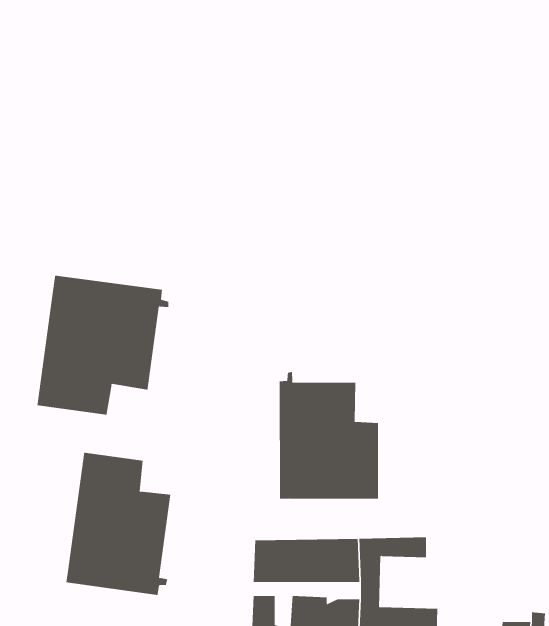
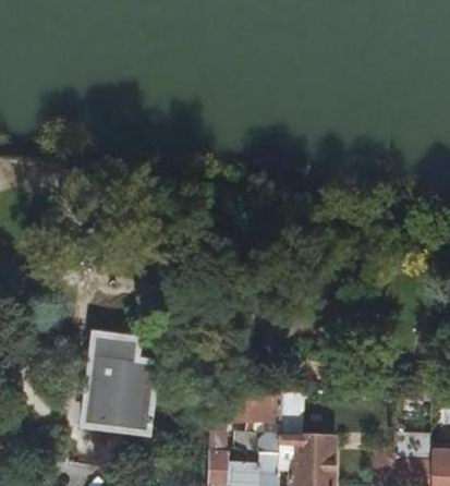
building: [37,275,169,415] -> none
building: [279,371,378,499] -> none

